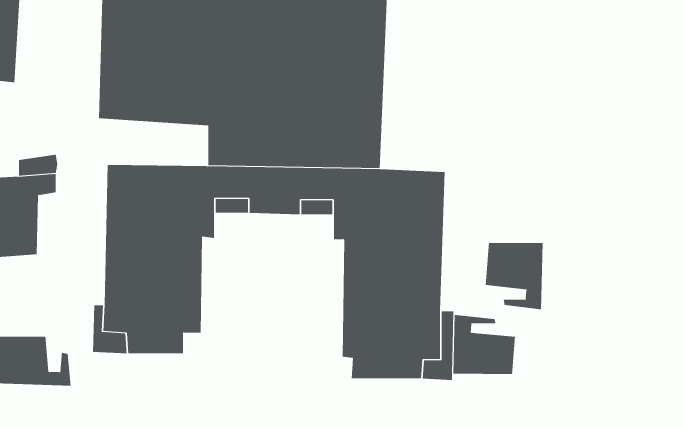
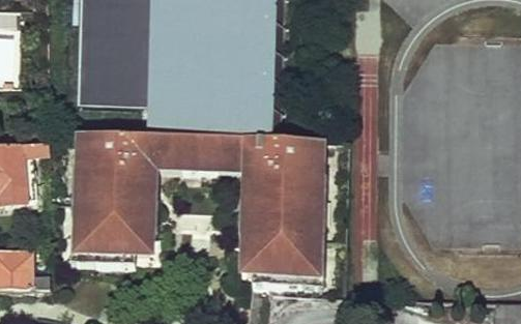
building: [485,242,543,310] -> none
building: [453,314,516,375] -> none

